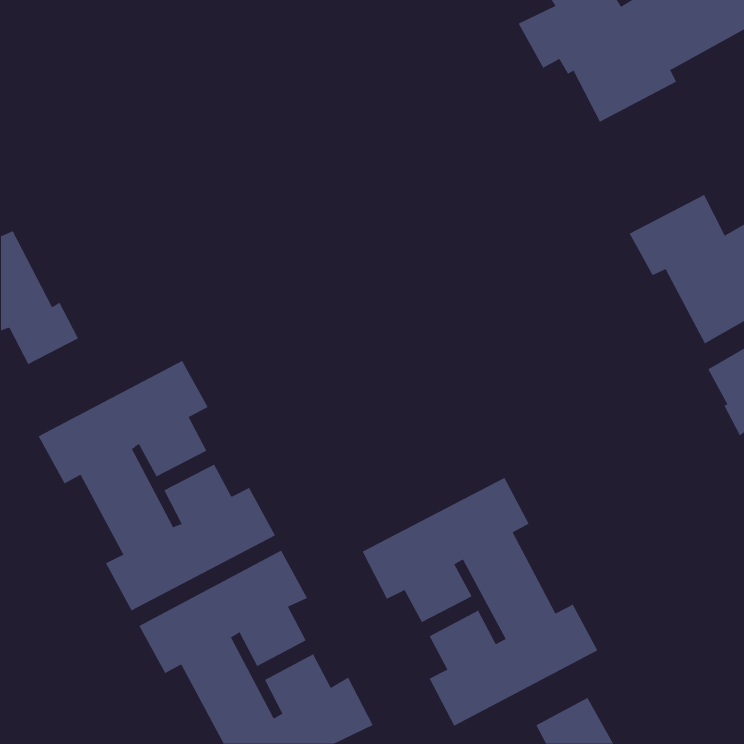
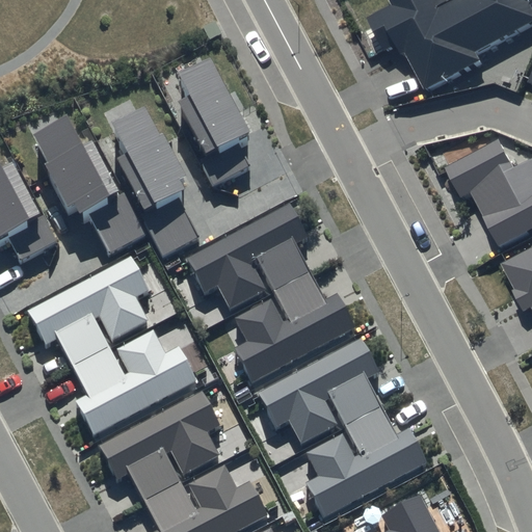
building: none -> [177,59,250,184]
building: none -> [111,107,198,256]
building: none -> [32,117,145,252]
building: none -> [187,204,355,381]

